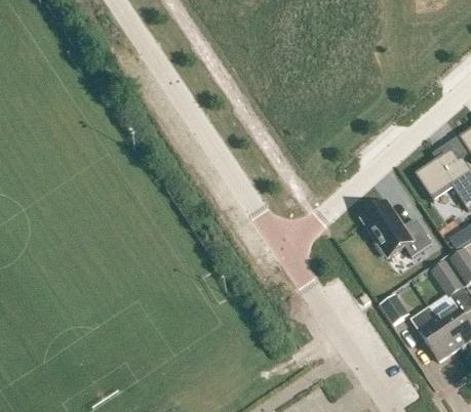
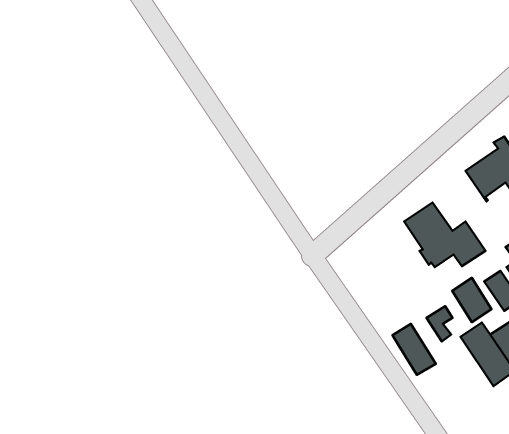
building: none -> [452,278,492,322]
building: none -> [393,324,436,375]

